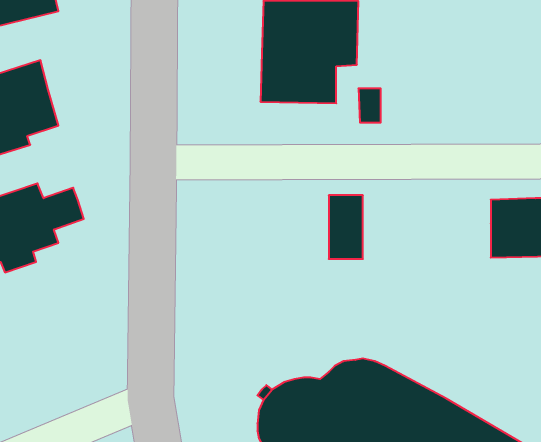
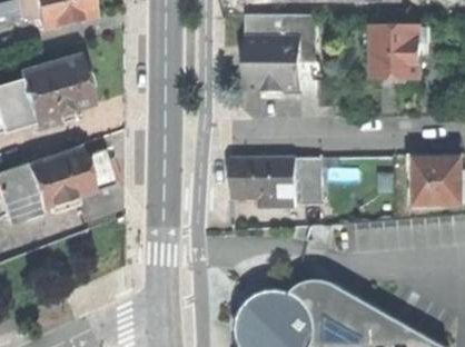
building: none -> [369,26,425,77]
building: none -> [229,157,293,206]

